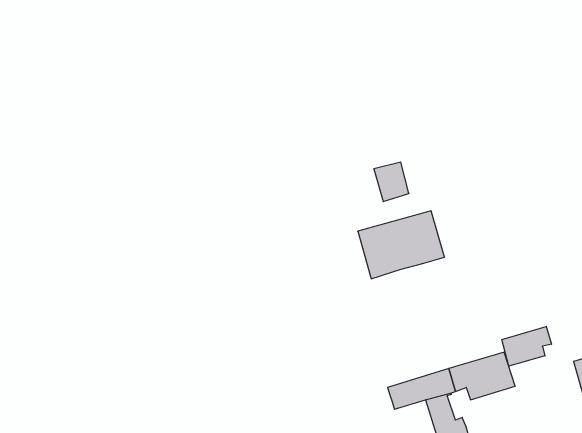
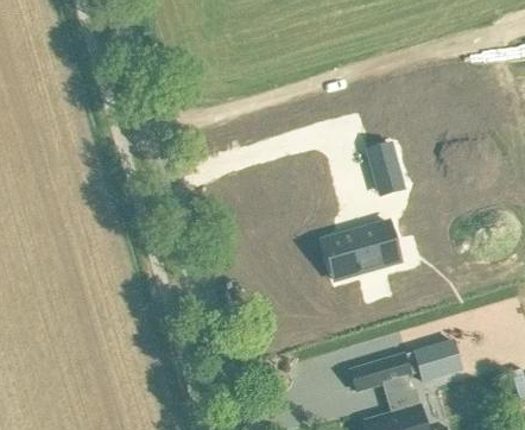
building: [374,162,409,202] -> [368,144,399,178]
building: [502,326,551,366] -> none

